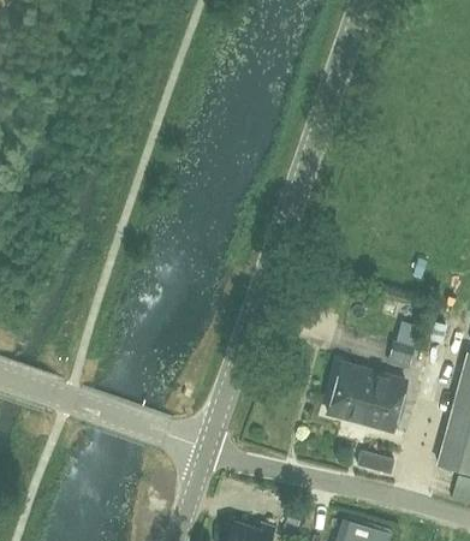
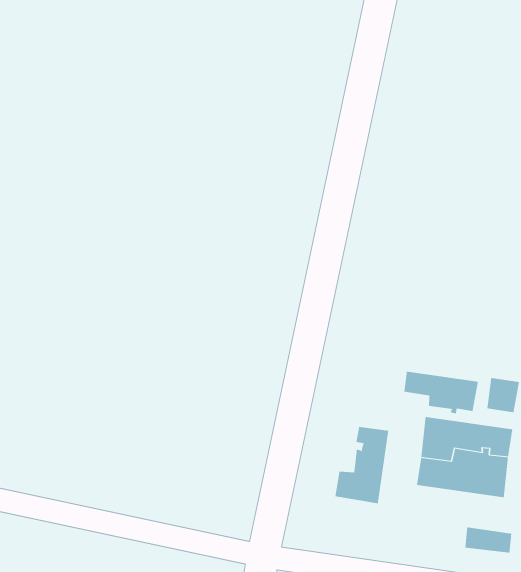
building: none -> [404,371,478,414]
building: none -> [335,426,389,504]

